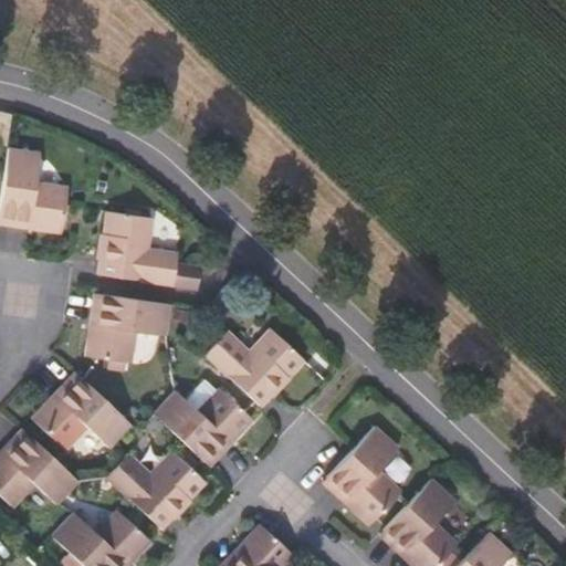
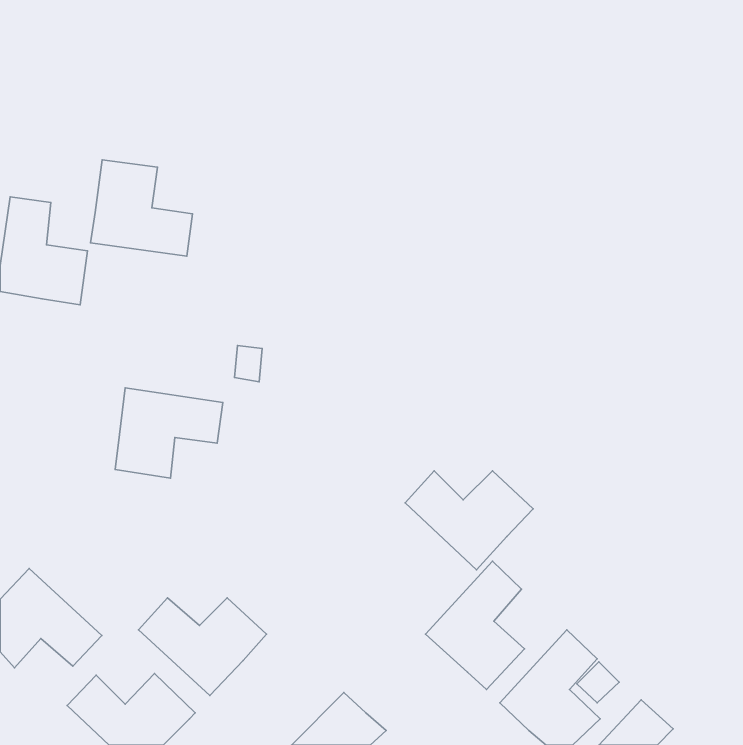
building: [99,212,177,285] -> [91,160,193,256]
building: [206,331,303,406] -> [405,471,533,570]
building: [34,375,130,449] -> none
building: [154,389,251,464] -> none

